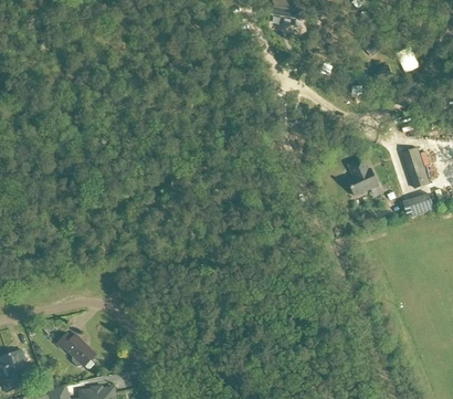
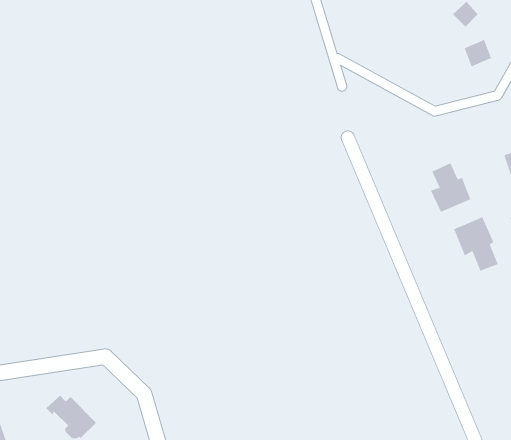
building: none -> [454,217,498,272]

